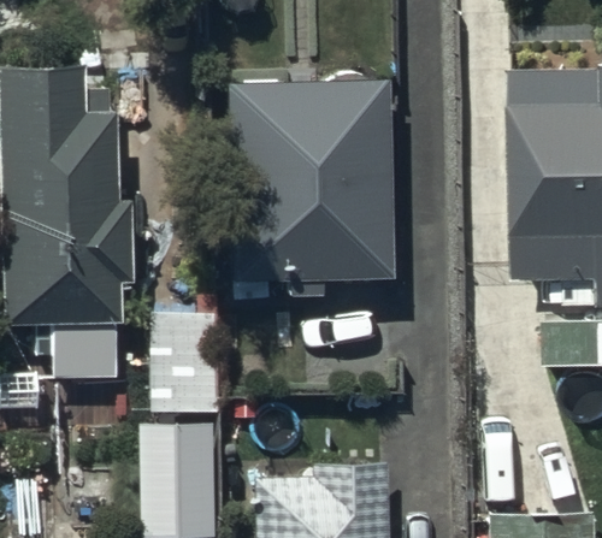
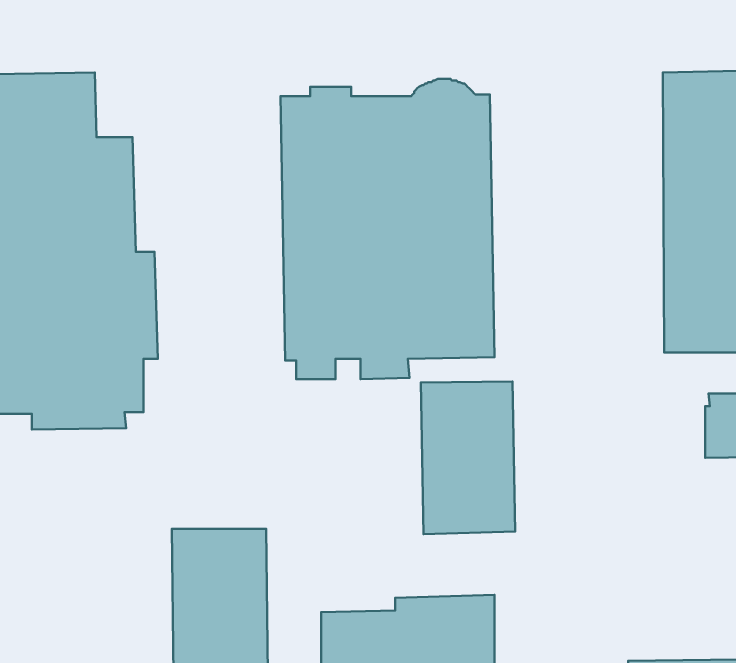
building: none -> [421,381,515,534]

